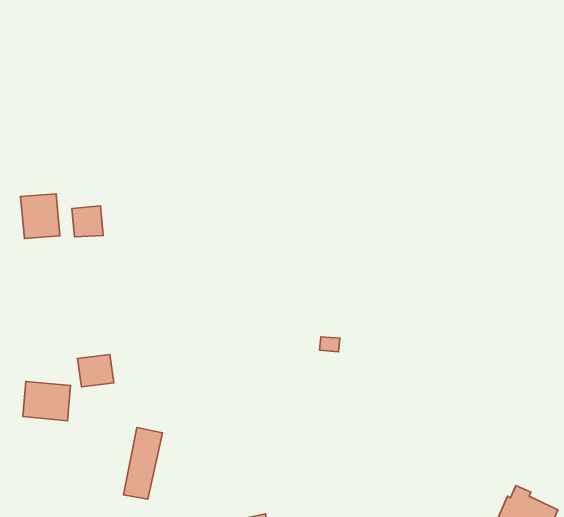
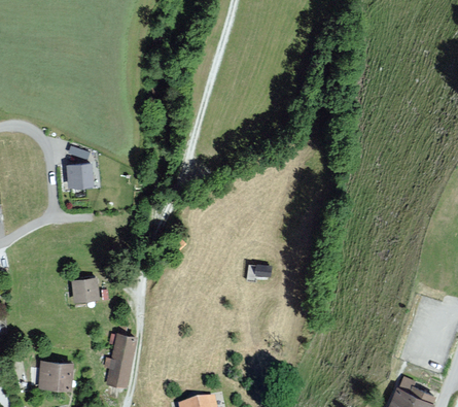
building: [21,194,60,238] -> none
building: [23,382,70,421] -> [38,361,74,391]

